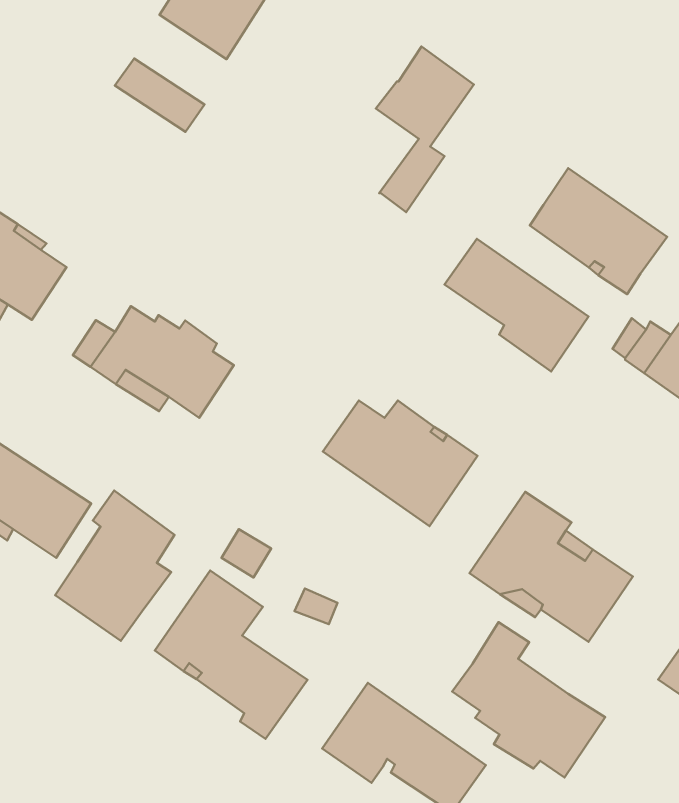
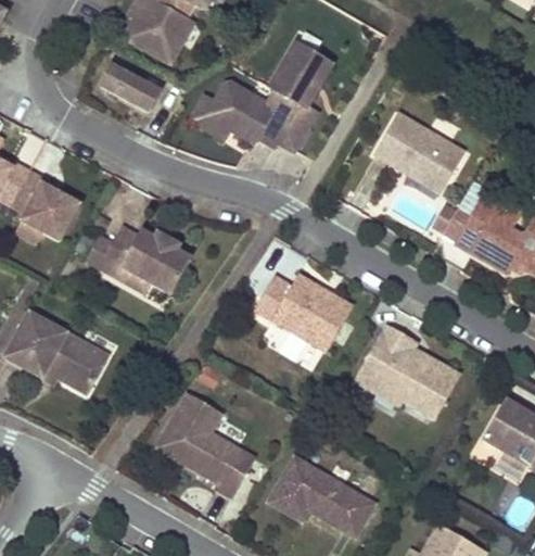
building: none -> [190,83,298,146]
building: [445,239,589,371] -> none
building: [55,491,174,641] -> none
building: [452,622,605,777] -> none

